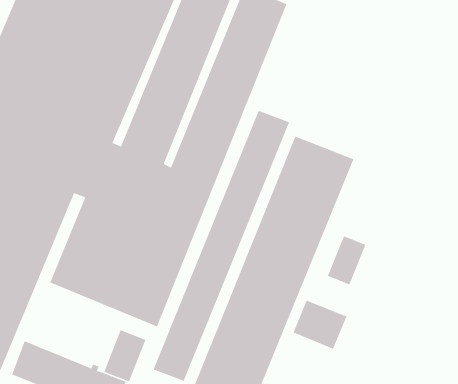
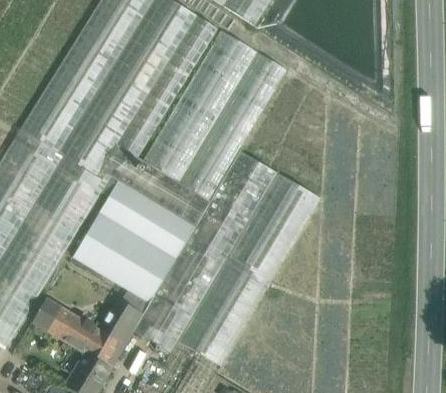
building: [327,235,366,286] -> none
building: [292,299,347,350] -> none

